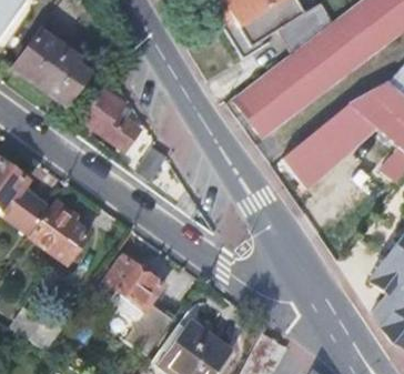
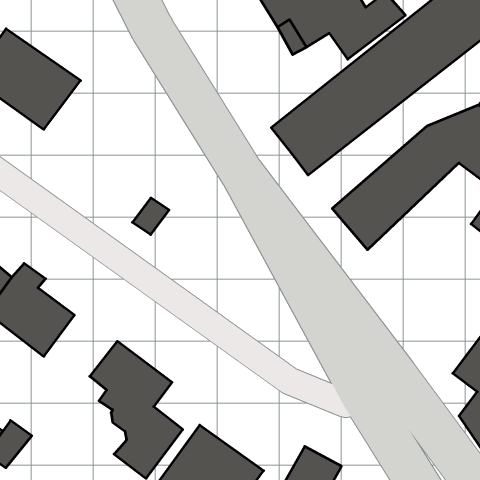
building: [80,88,141,152] -> none

